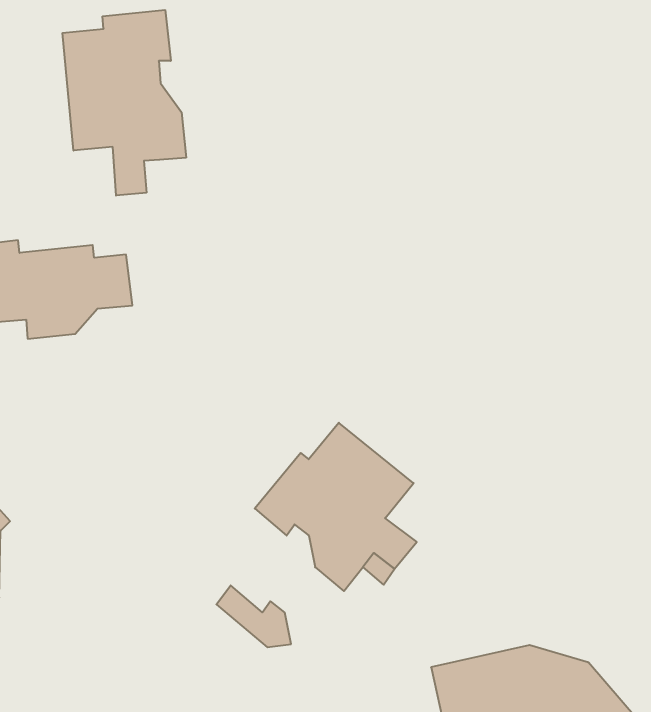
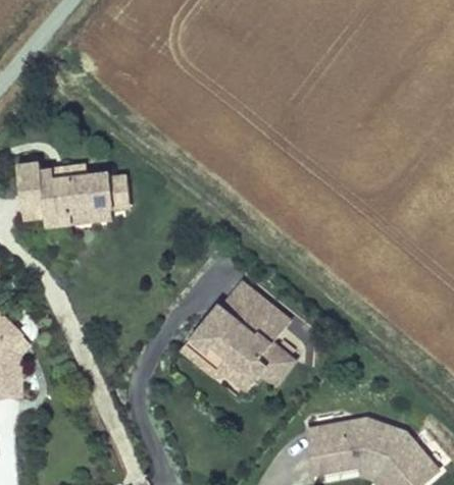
building: [63,10,186,196] -> none
building: [216,585,291,647] -> [182,335,230,375]

